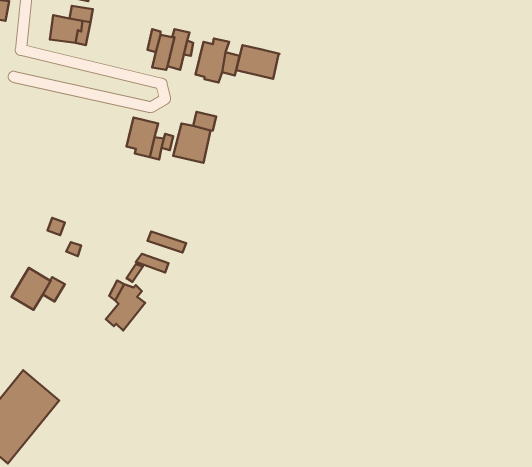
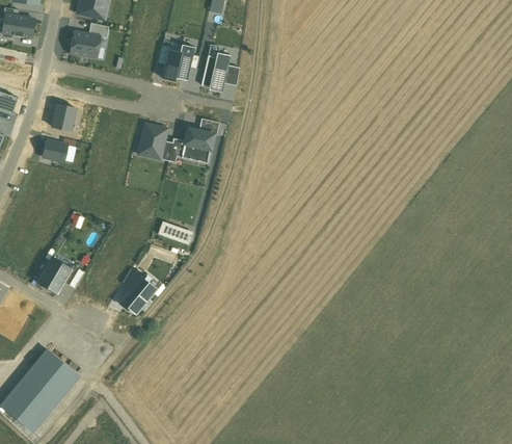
building: [236,45,279,79] -> none
building: none -> [51,103,75,130]
building: none -> [42,139,68,161]

